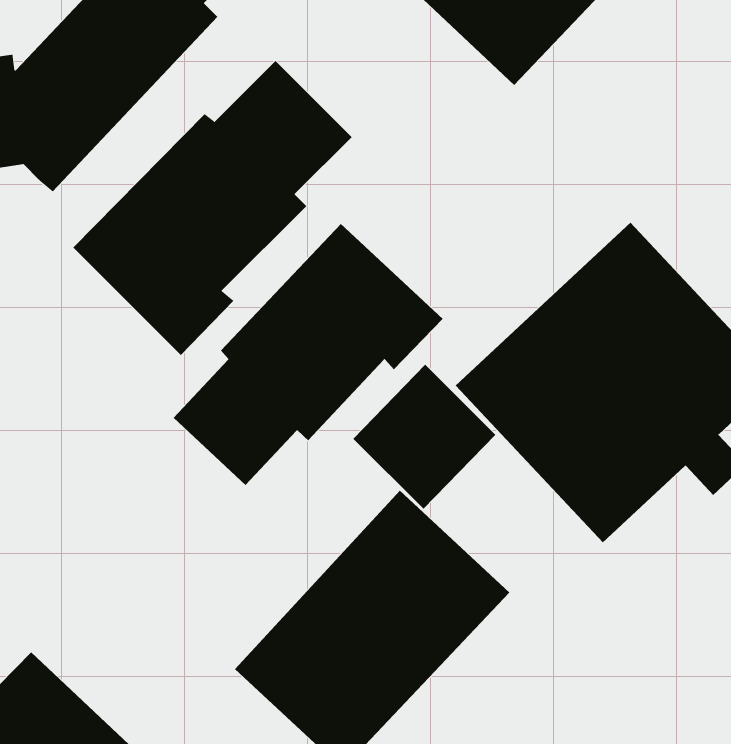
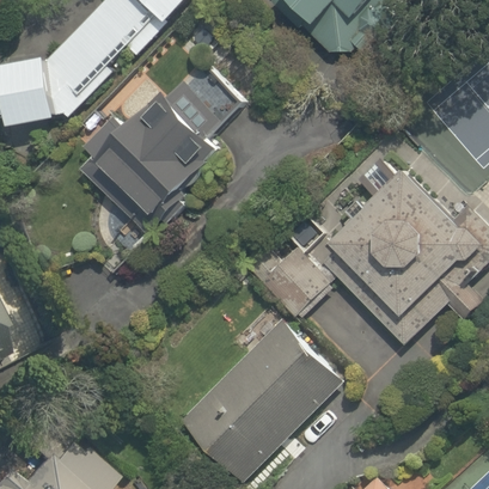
building: [173,223,444,486] -> none

